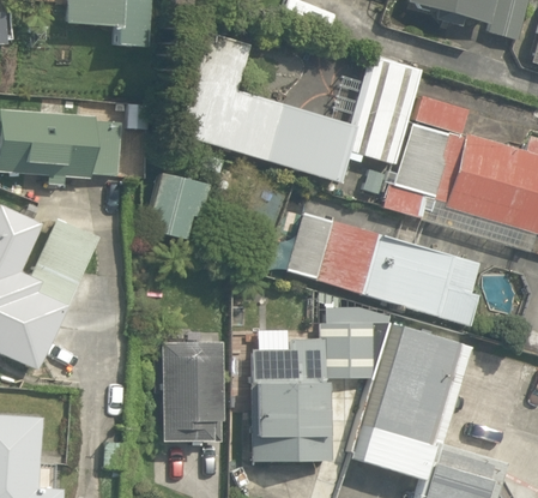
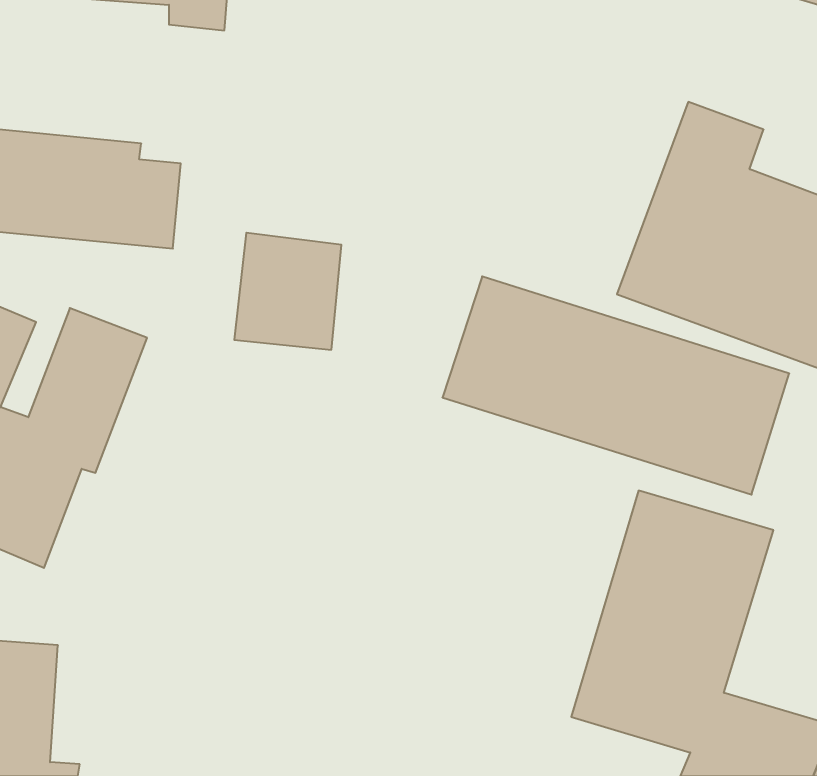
building: [179,43,427,184] -> none
building: [242,302,373,463] -> none
building: [159,335,219,443] -> none

